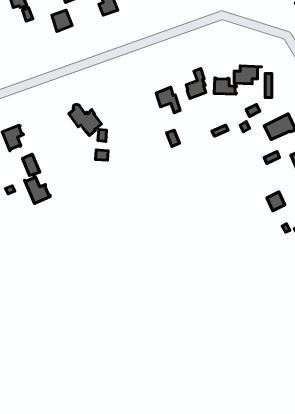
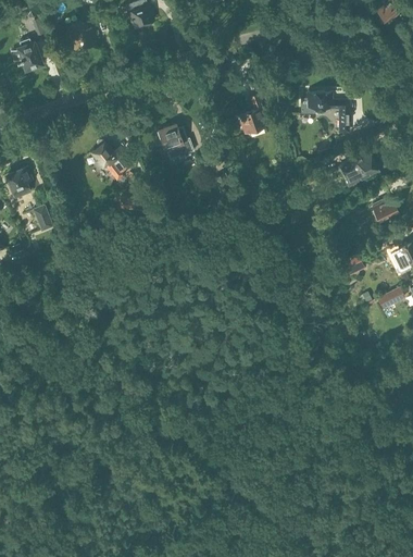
building: none -> [12,38,41,71]
building: [214,78,237,94] -> none
building: [156,87,180,113] -> [158,124,188,157]
building: [24,176,50,204] -> none

